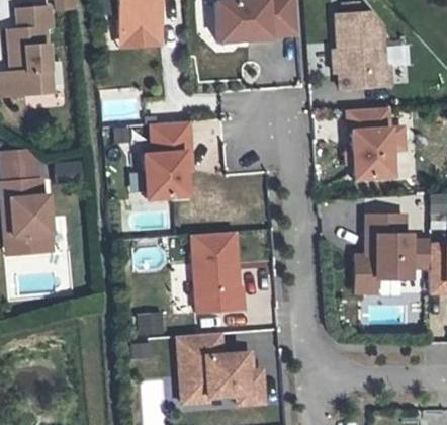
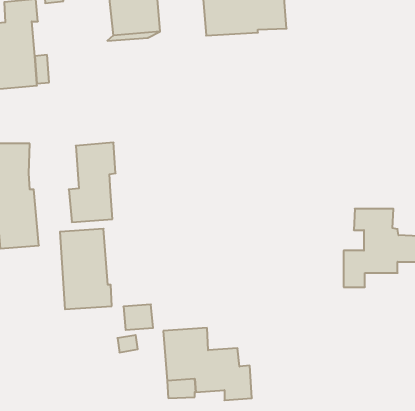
building: [338,12,390,89] -> none
building: [347,107,391,178] -> none
building: [144,121,190,200] -> [69,143,116,222]
building: [191,232,243,312] -> [60,229,112,309]

